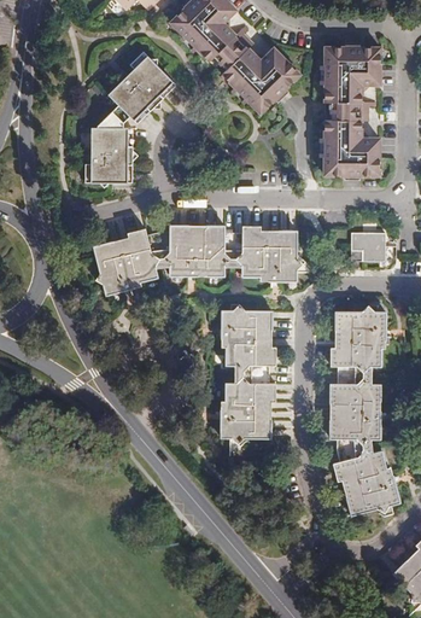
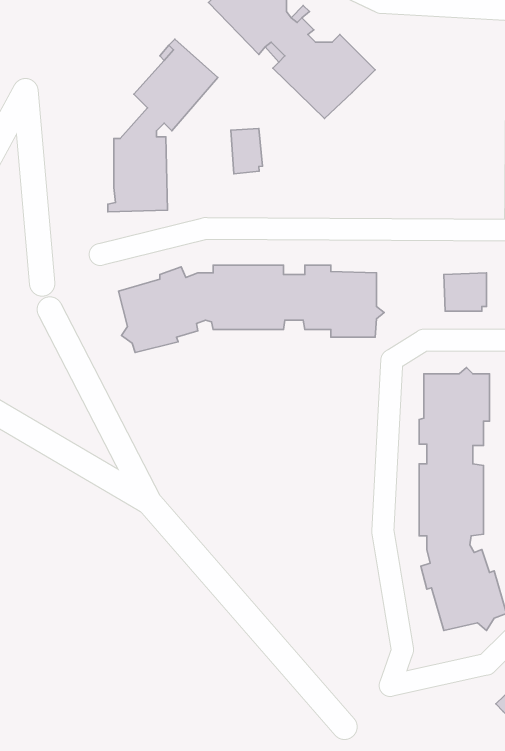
building: [320,42,376,171] -> none
building: none -> [231,129,262,174]
building: [222,307,276,447] -> none

